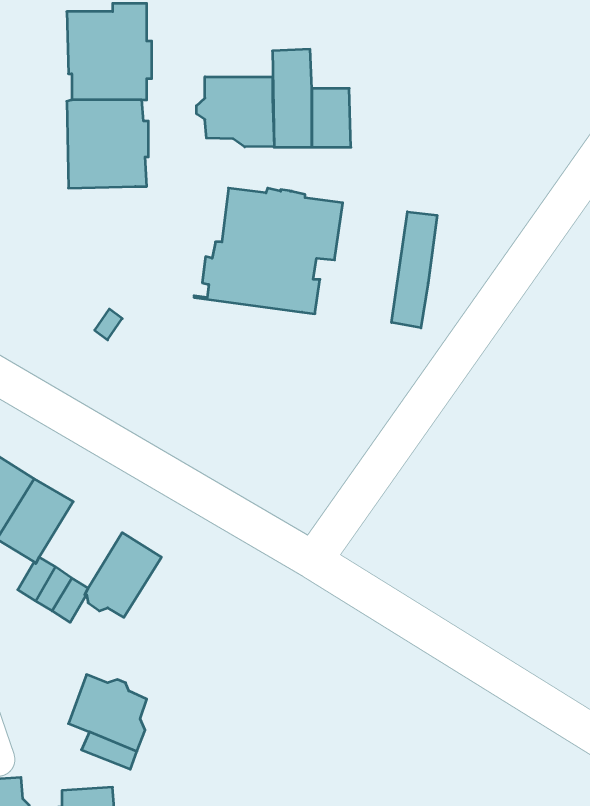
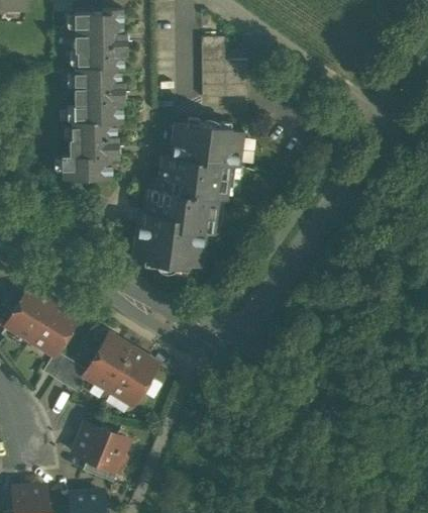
building: [196,77,274,147] -> none
building: none -> [62,121,118,179]
building: [392,212,437,328] -> none
building: none -> [131,190,219,267]
building: none -> [109,350,156,404]

